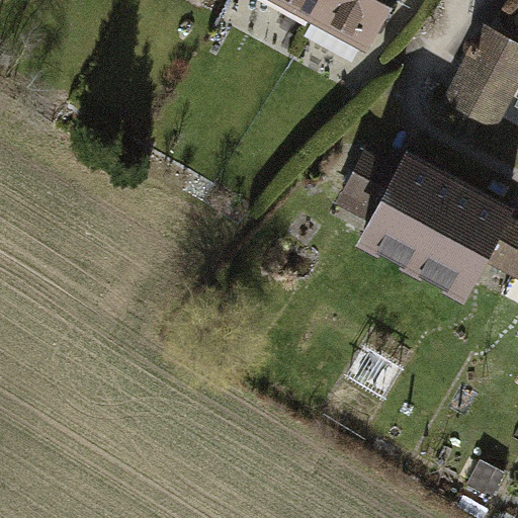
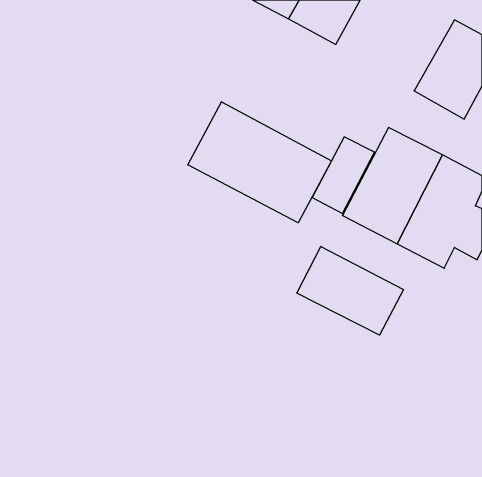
building: none -> [188,102,332,223]
building: none -> [297,246,403,335]

